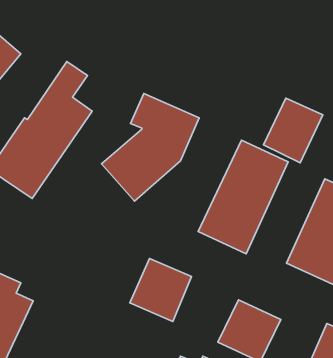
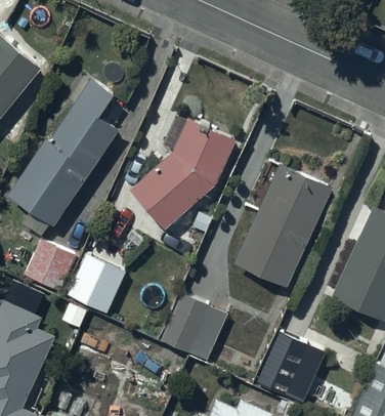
building: [264,98,323,163] -> none
building: none -> [24,239,77,293]
building: none -> [68,254,126,314]

